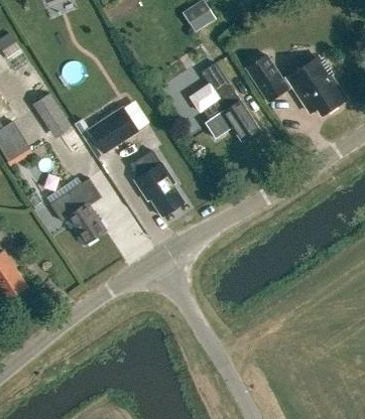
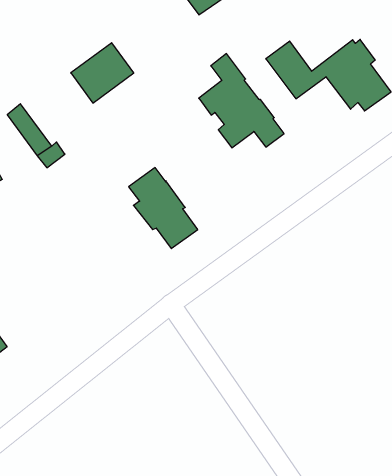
building: [88,105,138,152] -> [71,43,134,103]
building: [49,178,106,244] -> none

